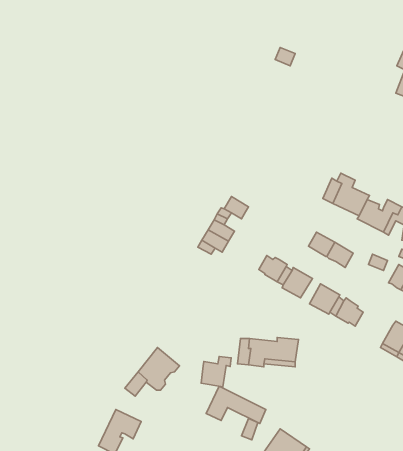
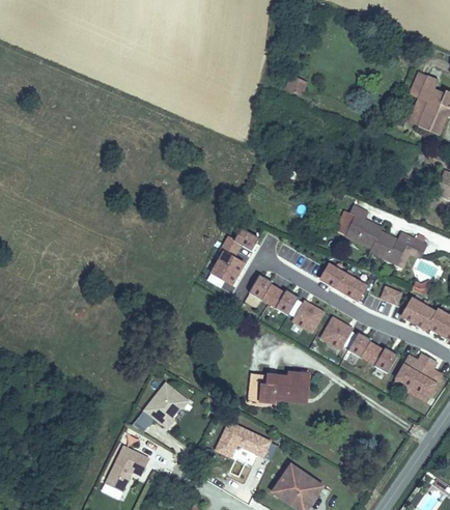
building: none -> [249,275,278,303]
building: none -> [368,346,402,375]
building: [201,357,231,387] -> none

